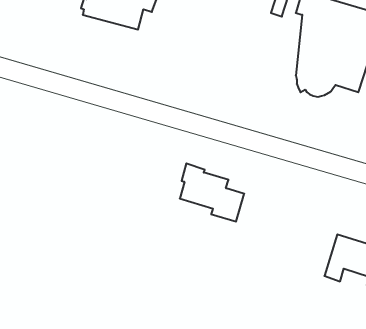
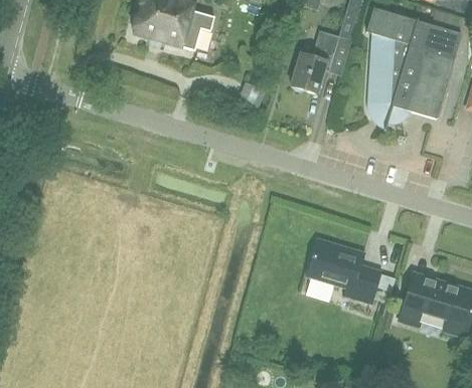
building: none -> [291,31,338,92]
building: [180,163,244,222] -> [310,238,380,302]

